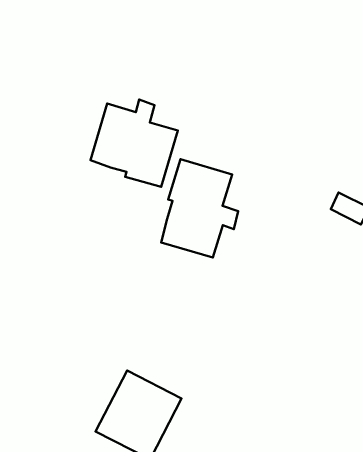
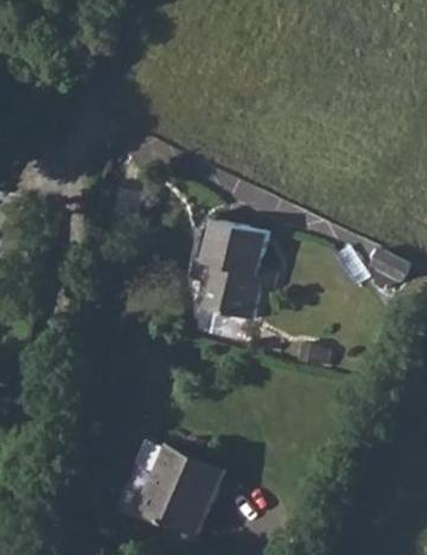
building: [90,99,178,187] -> none

